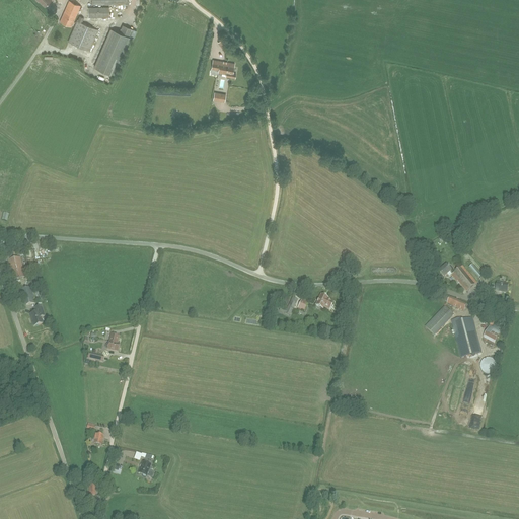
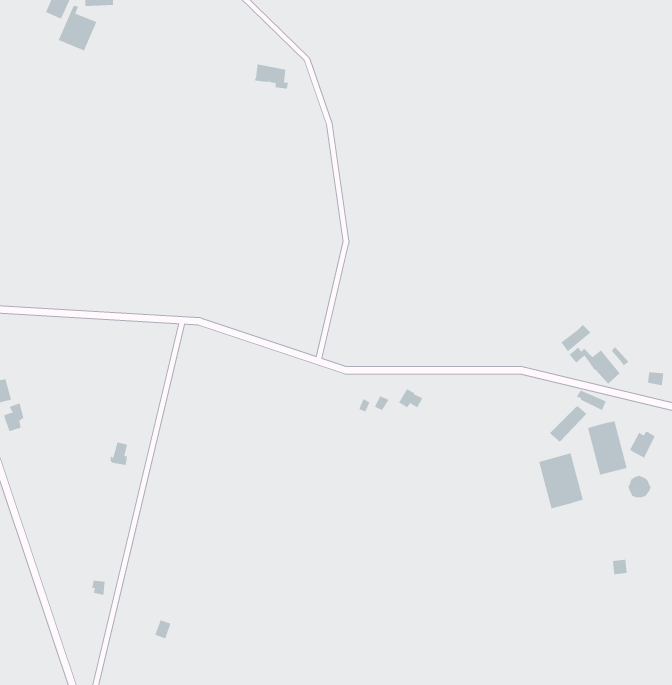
building: [93,23,133,74] -> none
building: none -> [538,452,583,509]

